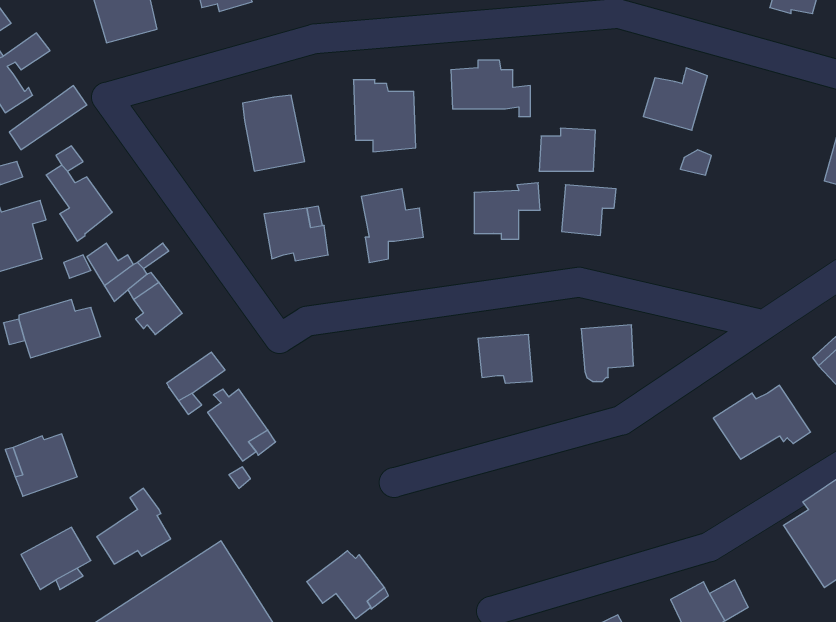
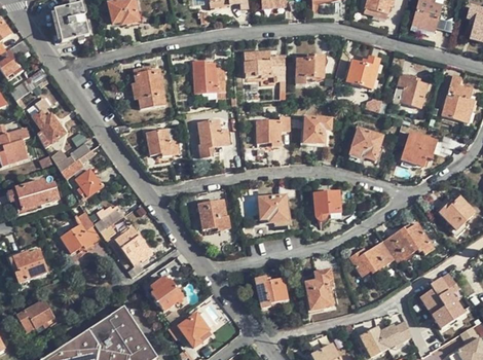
building: none -> [393,72,428,108]
building: [539,128,595,171] -> [295,56,325,78]
building: none -> [348,128,383,161]
building: none -> [403,131,439,166]
building: none -> [197,201,229,230]
building: none -> [349,241,395,277]
building: none -> [305,271,332,310]
building: none -> [254,277,288,309]
building: [97,488,171,564] -> [61,211,100,251]
building: none -> [149,279,182,310]

